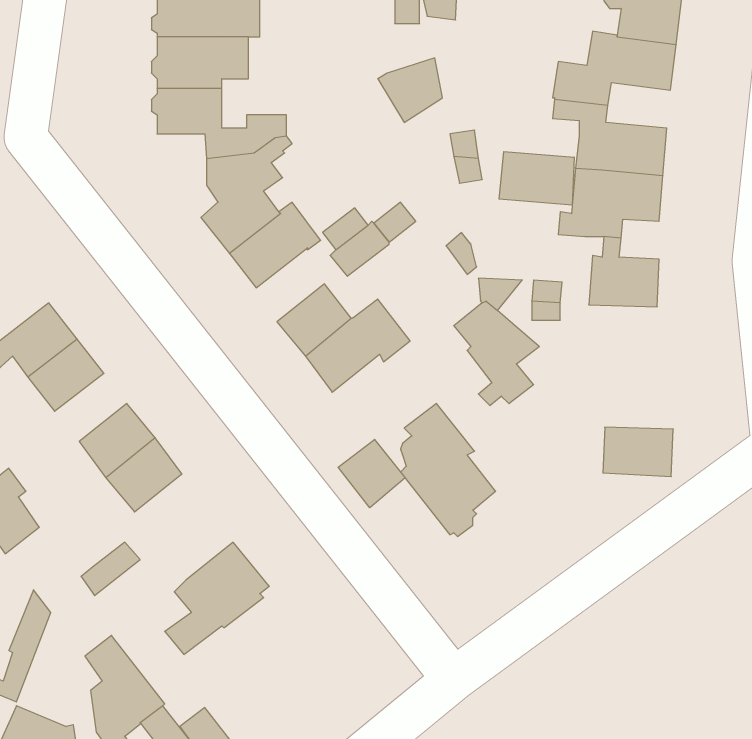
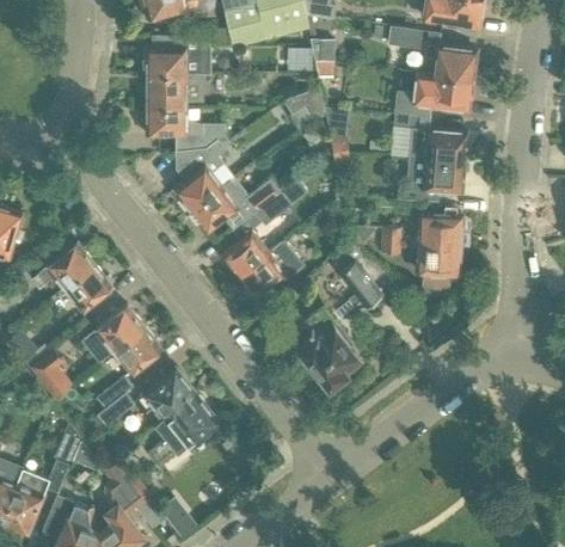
building: [499,152,574,205] -> none
building: [603,427,673,477] -> [416,244,460,275]
building: [338,439,405,508] -> none
building: none -> [145,369,194,424]

